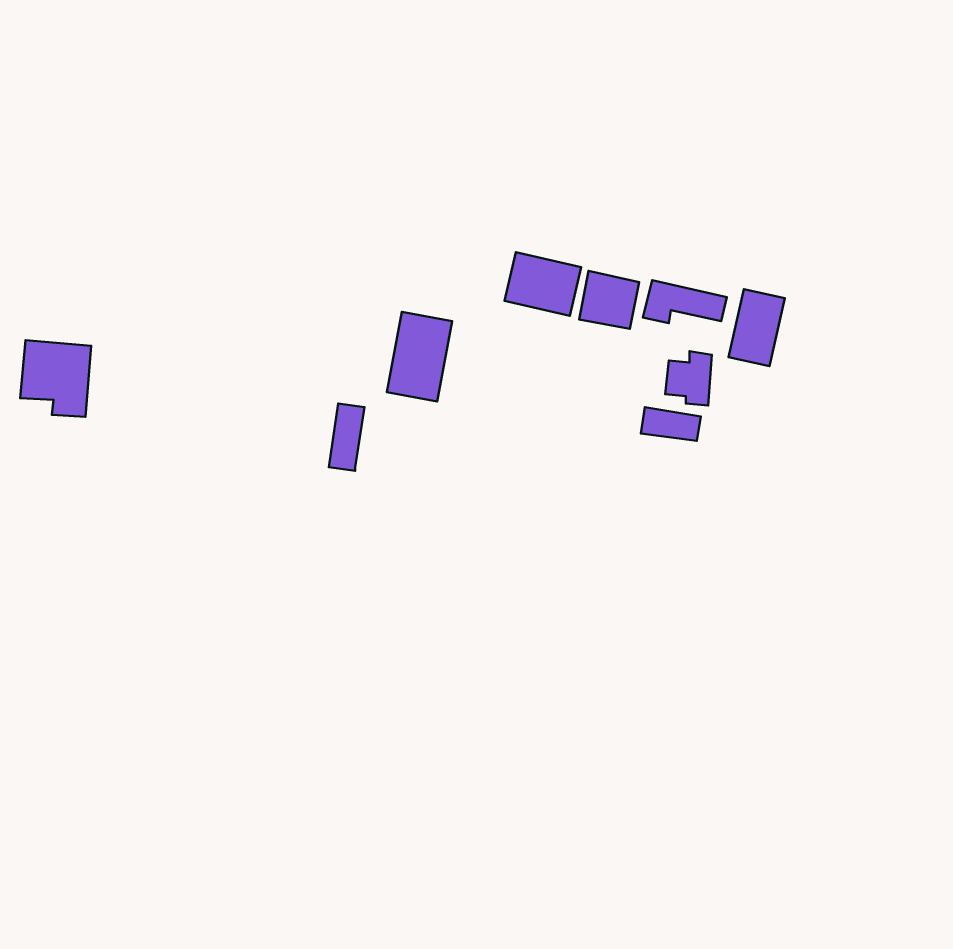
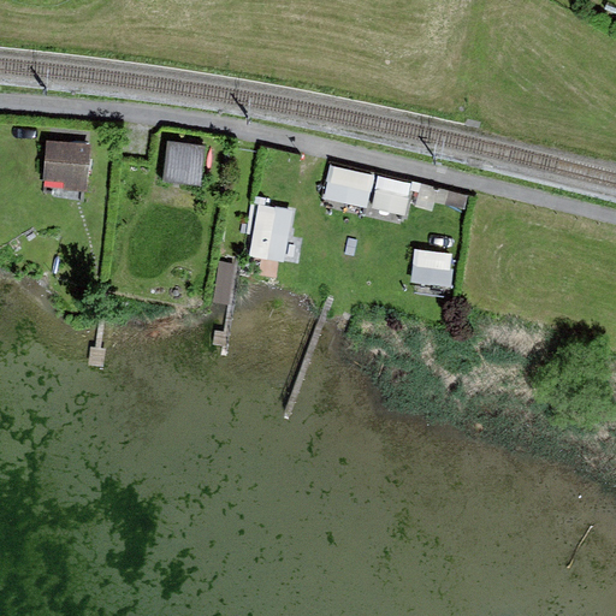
building: none -> [162,141,203,184]
building: [729,289,785,366] -> none
building: [20,340,91,417] -> [43,142,89,191]

